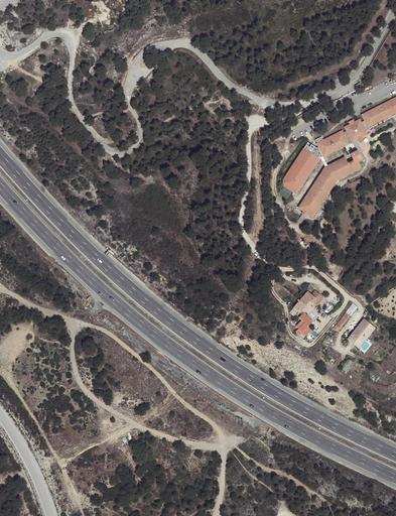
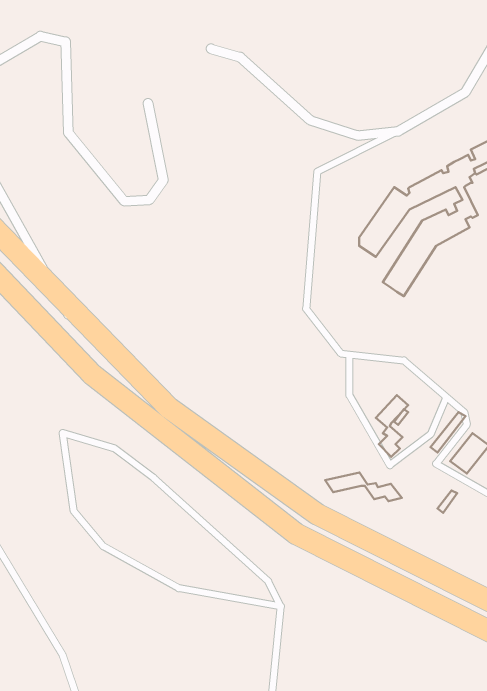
building: none -> [325,473,402,501]

